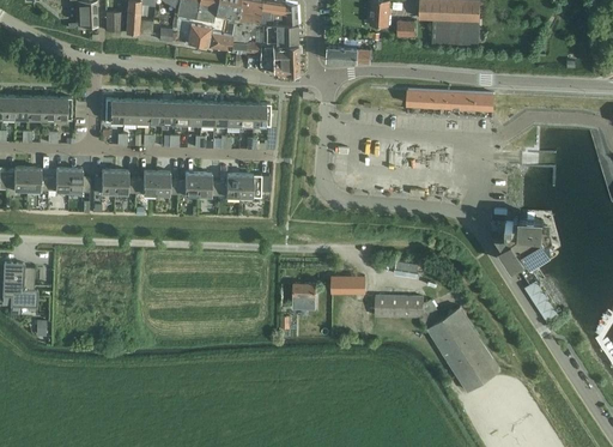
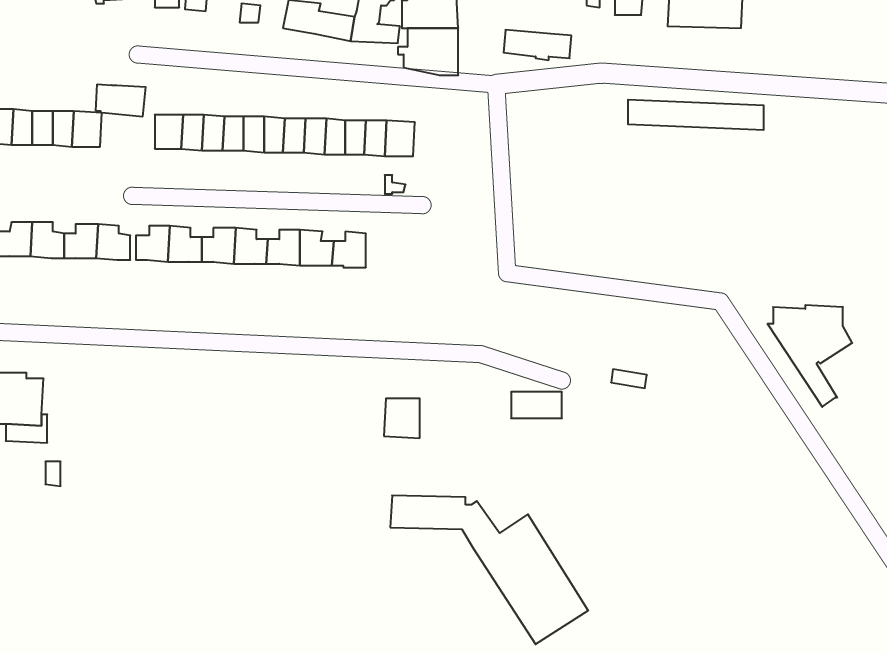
building: none -> [96,84,146,117]
building: [239,175,269,197] -> none
building: [293,284,316,309] -> [384,398,420,438]
building: [375,296,500,391] -> [390,495,588,644]

